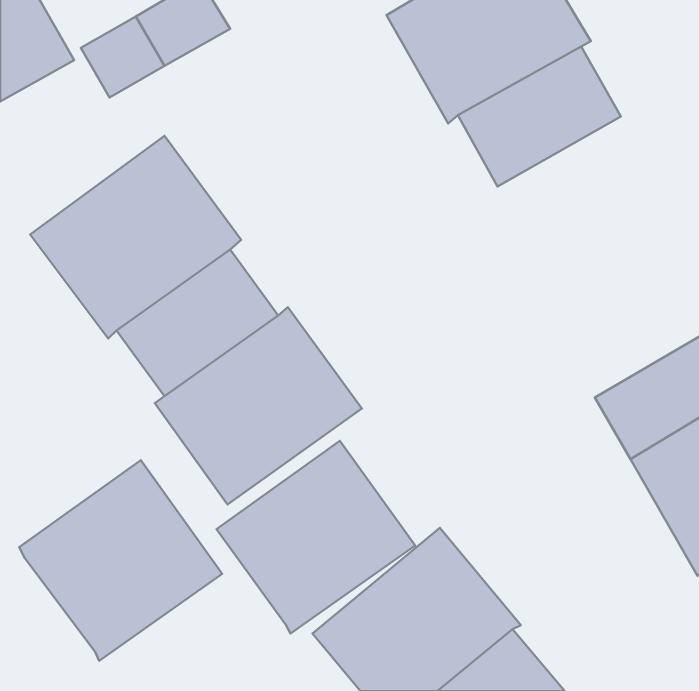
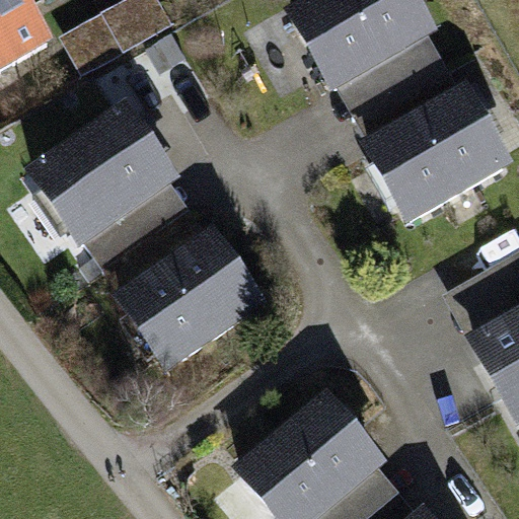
building: none -> [362,82,514,223]
building: [217,441,415,634] -> none
building: [19,460,222,661] -> none

